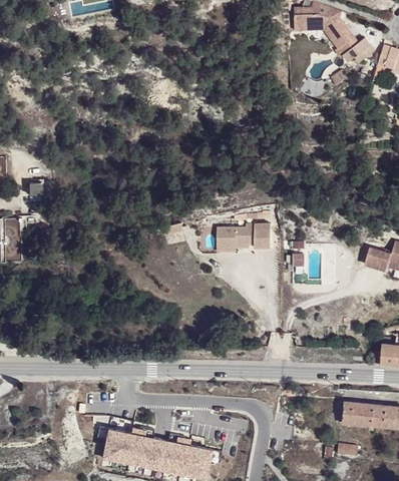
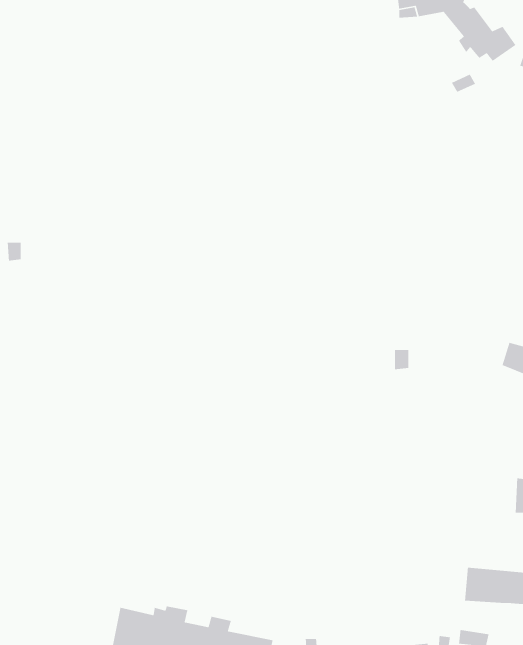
building: [217,221,271,249] -> none

